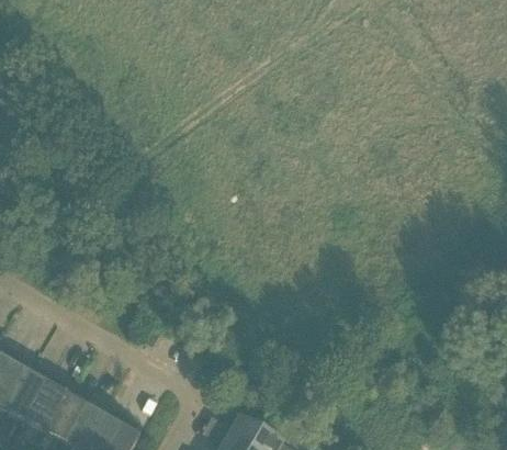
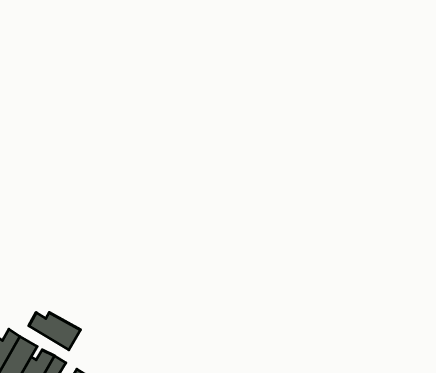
building: none -> [29,312,81,350]

